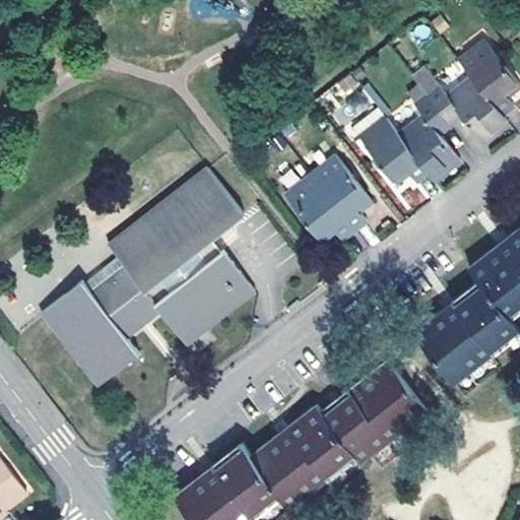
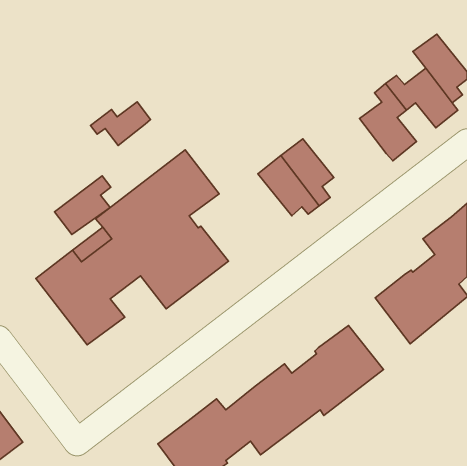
building: none -> [90,102,151,145]
building: [361,119,428,184] -> none
building: none -> [55,176,111,235]

